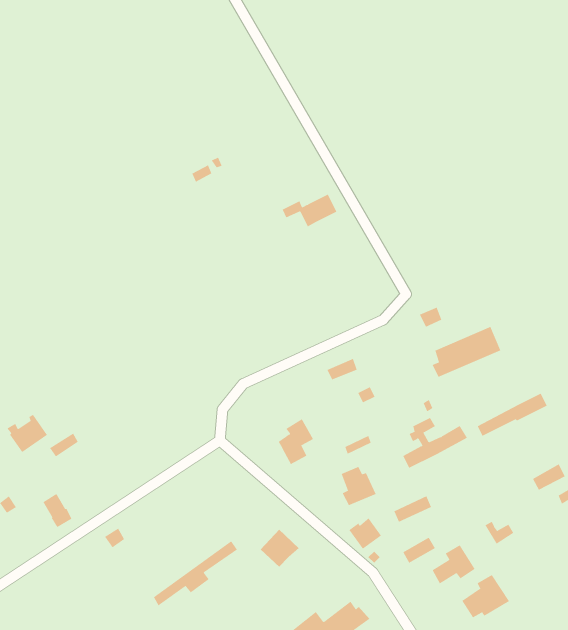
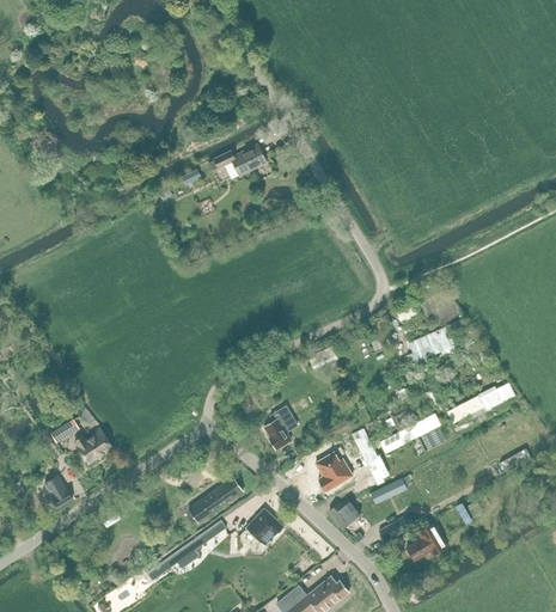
building: [282,194,337,227] -> [213,145,264,176]
building: [7,414,48,453] -> [73,428,111,464]
building: none -> [188,477,242,522]
building: [462,574,510,618] -> none

